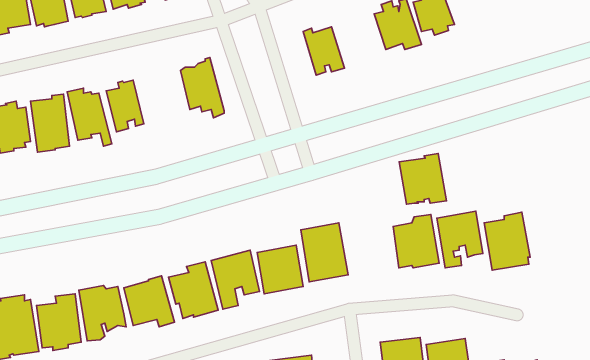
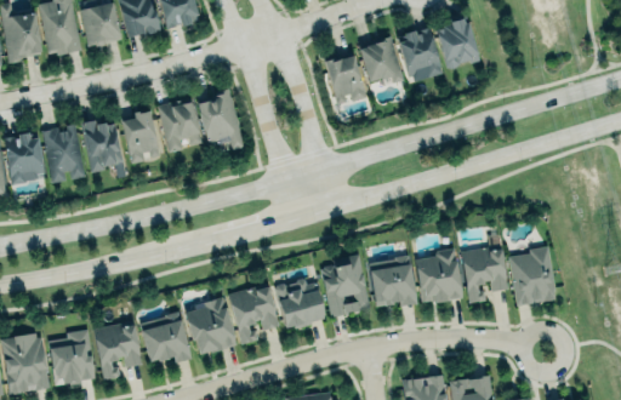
building: none -> [360,39,404,84]
building: none -> [158,98,203,153]
building: [399,154,447,204] -> [369,255,417,307]

